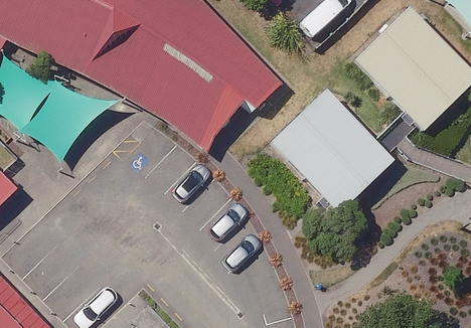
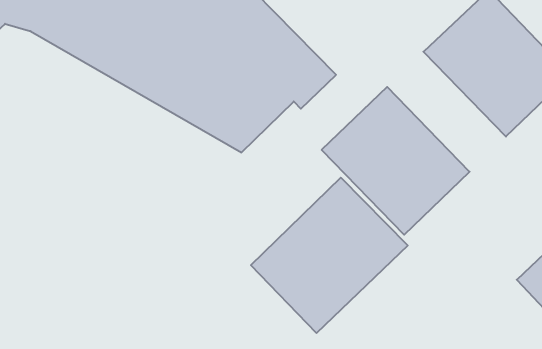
building: none -> [251,178,408,333]

